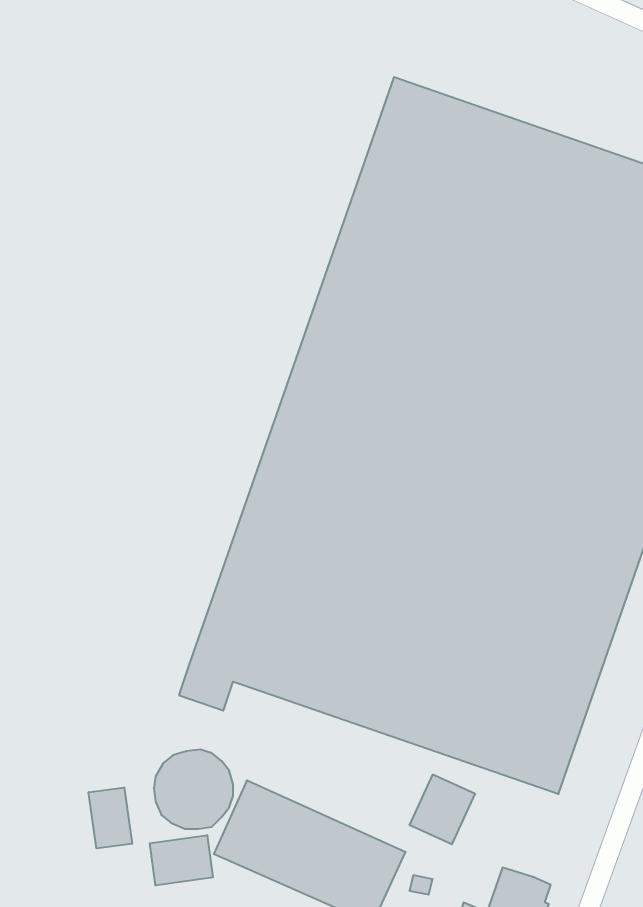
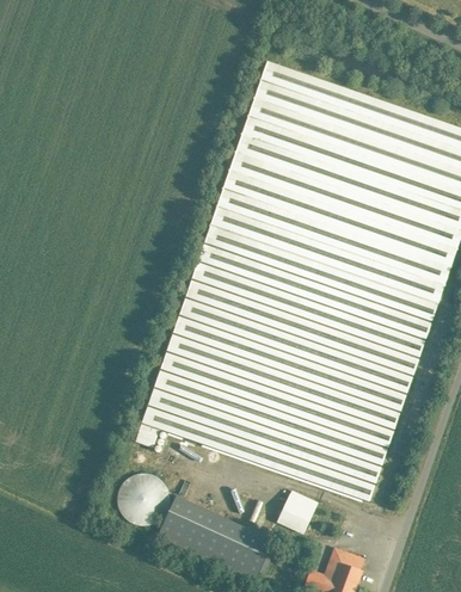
building: [89,787,132,848] -> none
building: [150,835,213,886] -> none

